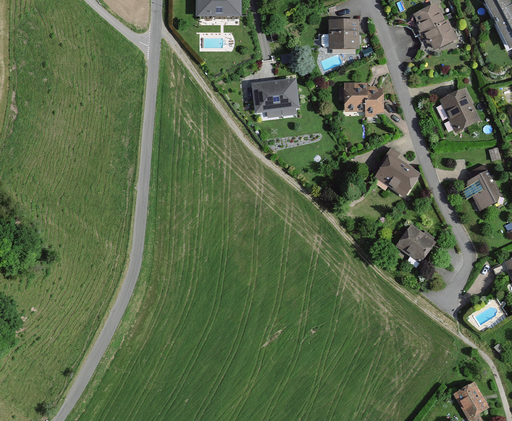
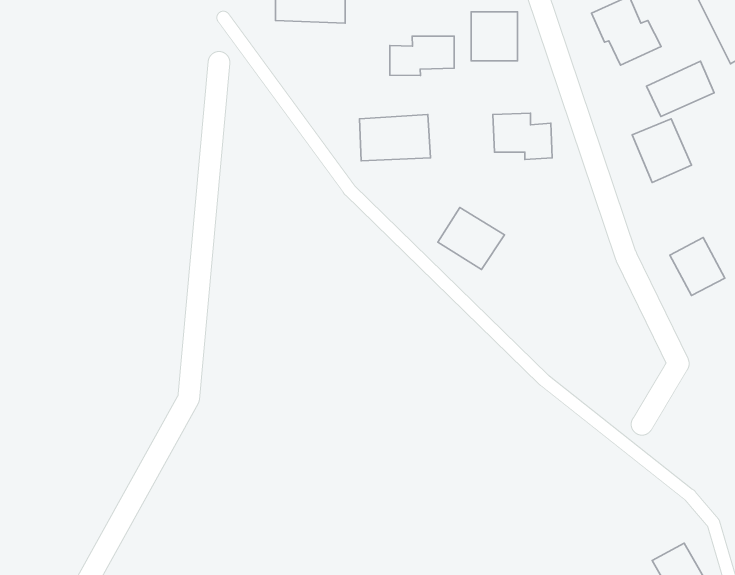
building: none -> [390,36,454,75]
building: none -> [646,61,714,116]
building: [374,153,420,196] -> [438,207,505,270]
building: [392,220,436,263] -> none

